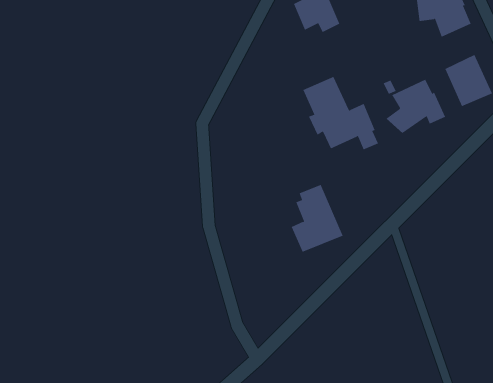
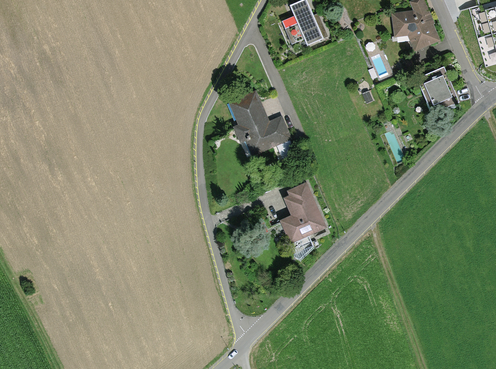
building: [302,76,379,150] -> [227,90,295,156]
building: [385,79,446,134] -> none

